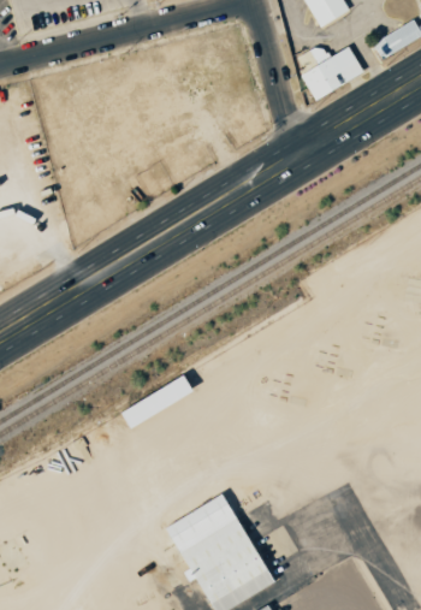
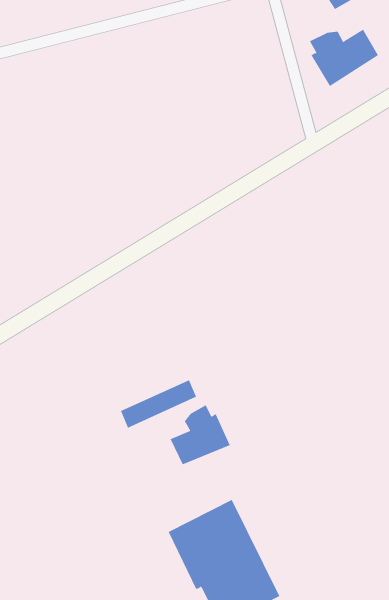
building: none -> [170,405,230,465]

